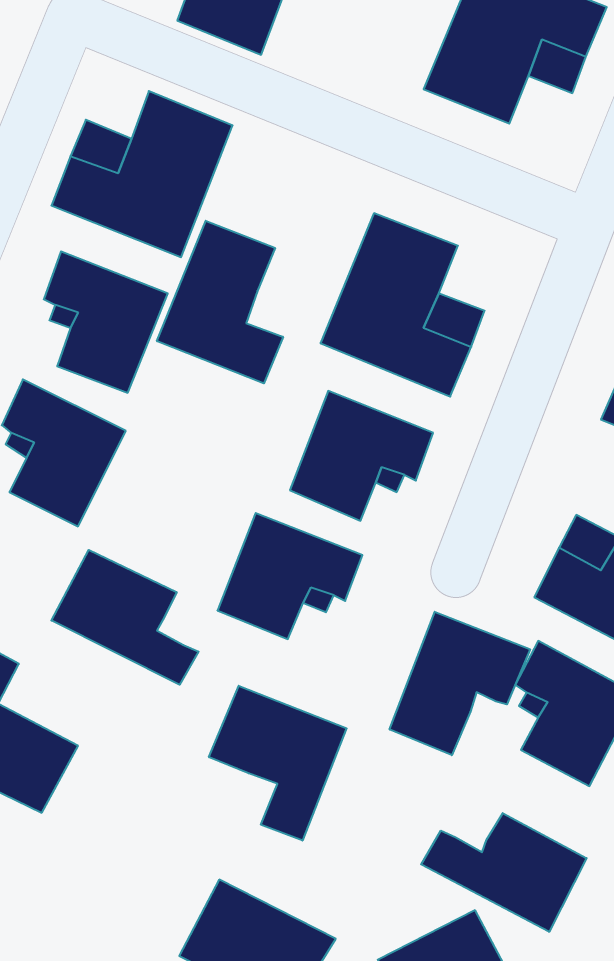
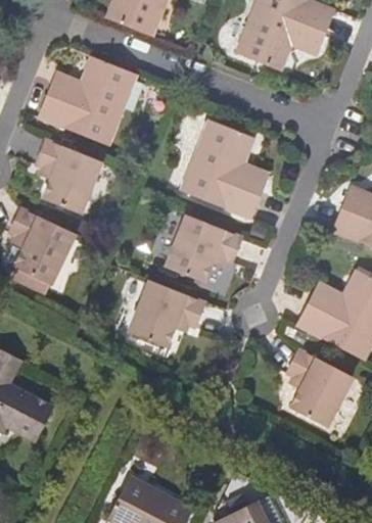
building: [157,221,283,383] -> none
building: [51,550,199,685] -> none
building: [390,612,530,755] -> none
building: [209,686,347,841] -> none
building: [421,813,587,932] -> none

